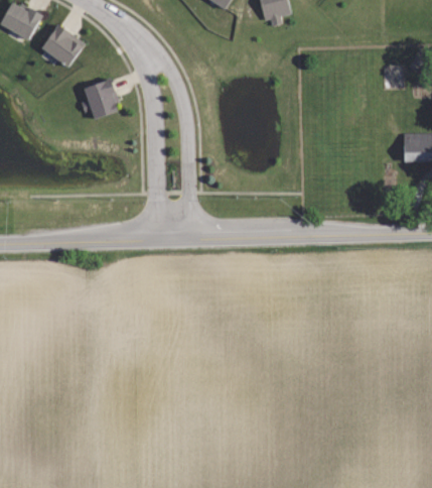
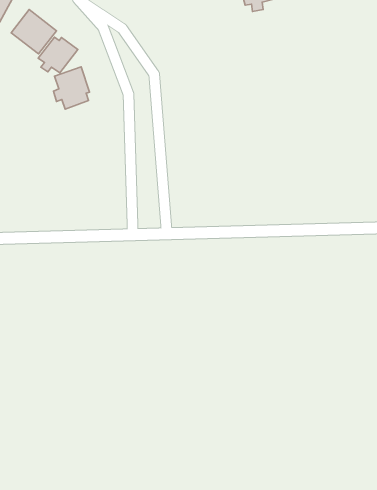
building: none -> [38,37,78,73]

